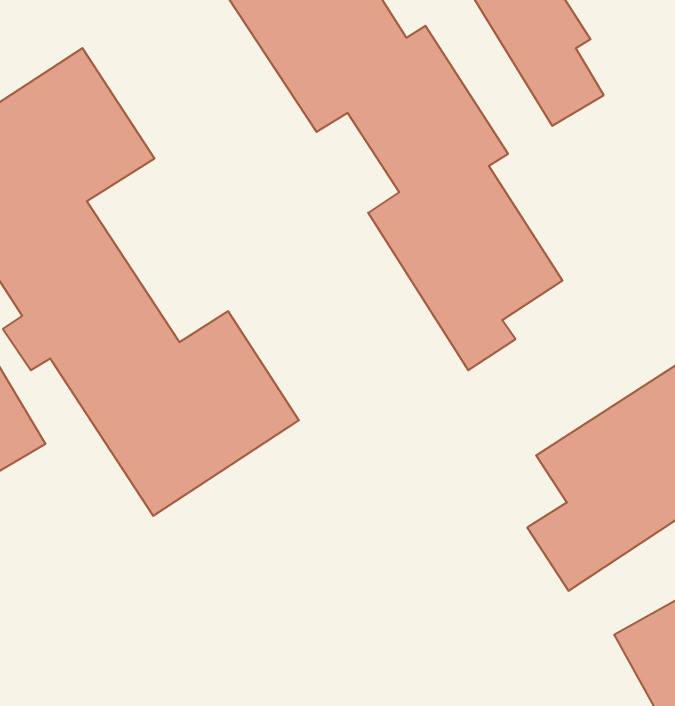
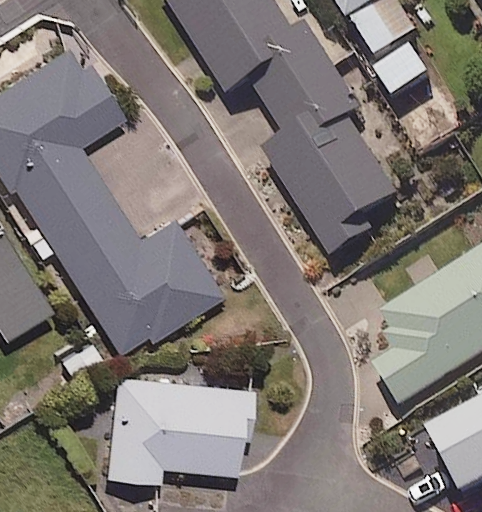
building: none -> [106,377,247,483]

